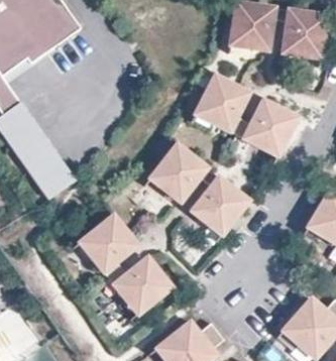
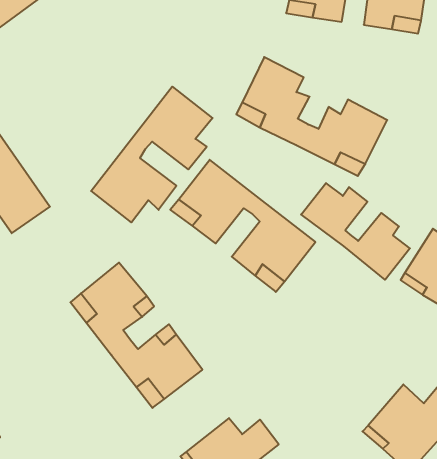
building: none -> [91,87,213,222]
building: none -> [301,183,410,280]

